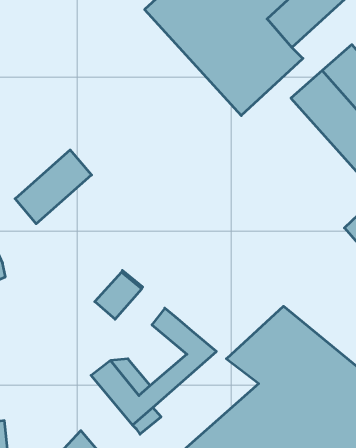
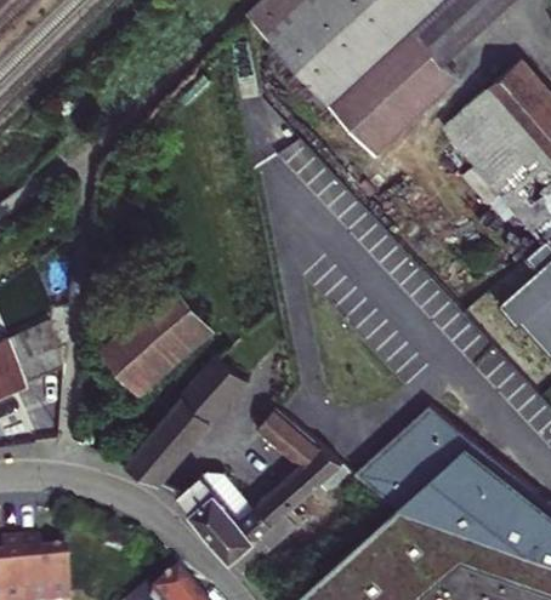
building: [15,150,92,224] -> [104,288,205,385]
building: none -> [124,400,210,486]

